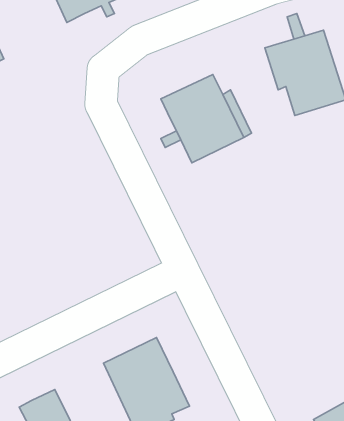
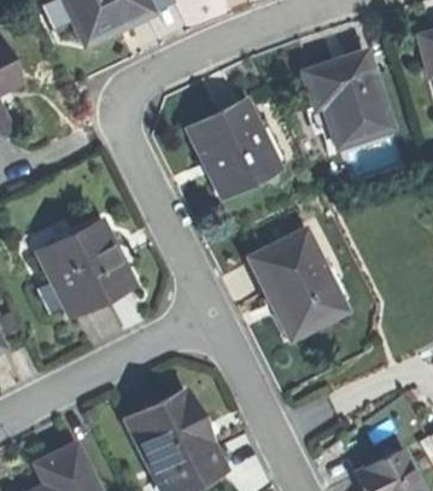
building: none -> [41,222,133,314]
building: none -> [248,228,346,335]

